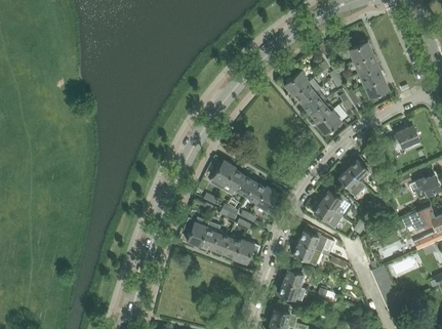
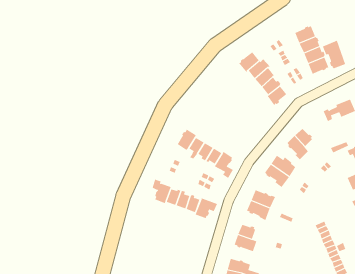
building: none -> [322,40,346,69]

